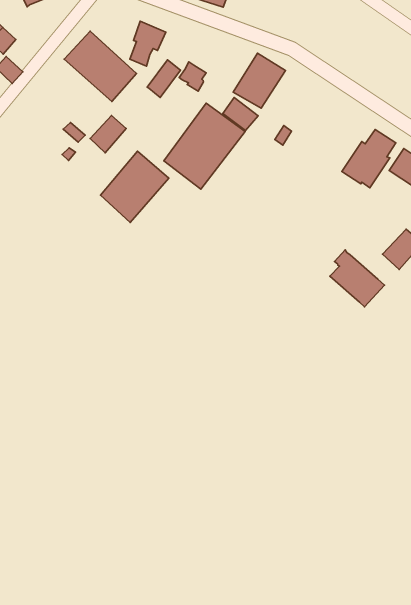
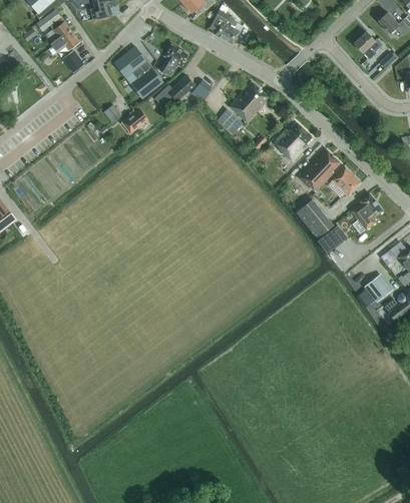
building: none -> [273,121,312,162]
building: [164,103,245,189] -> none
building: [101,151,169,222] -> none
building: [330,250,385,307] -> [296,195,334,238]

